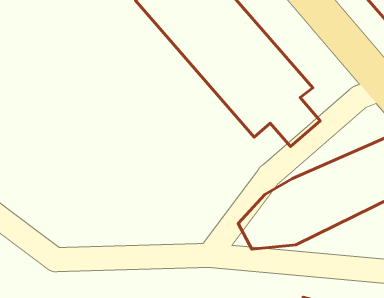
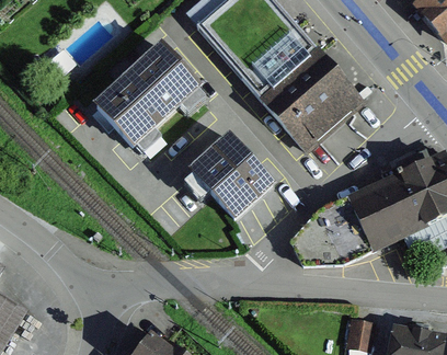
building: none -> [95,46,199,147]
building: none -> [190,137,271,219]

